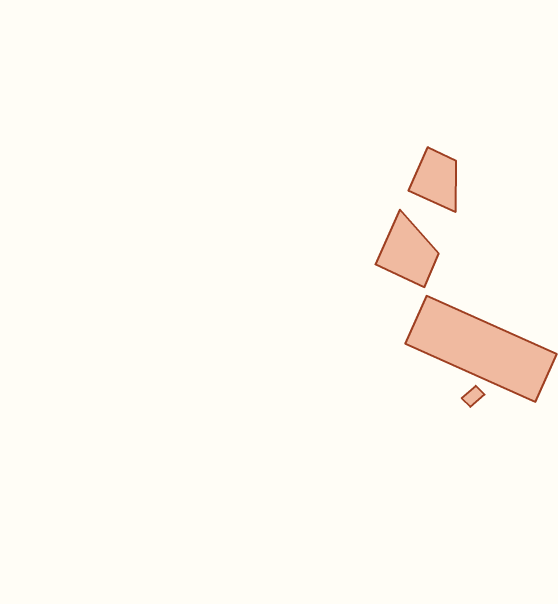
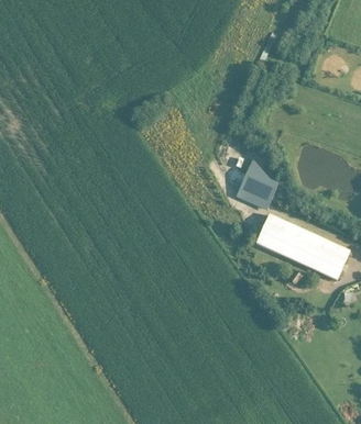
building: [409,147,456,212] -> none

